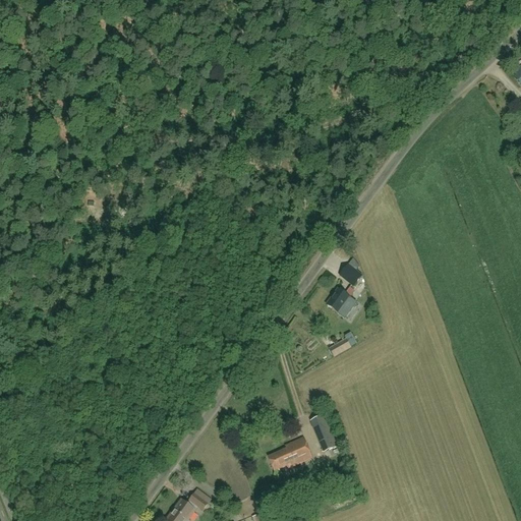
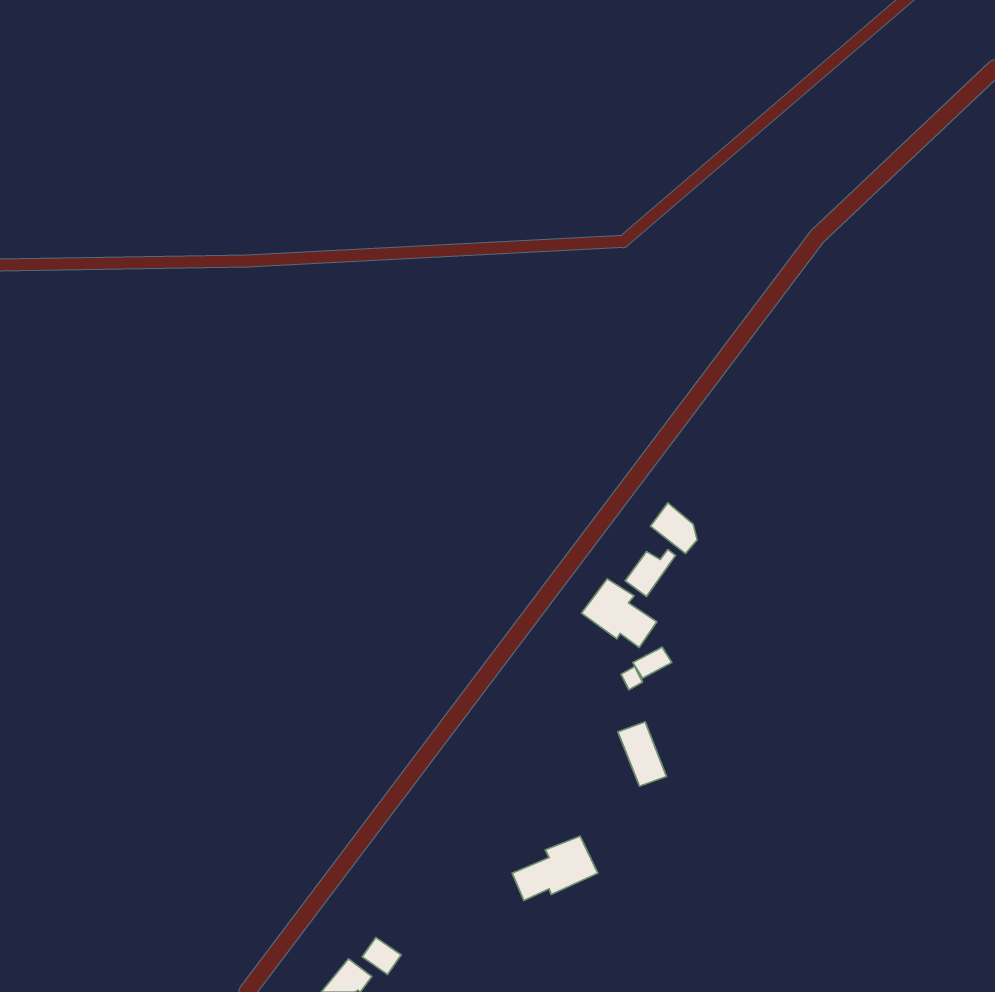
building: none -> [581,579,657,647]
building: [311,414,337,448] -> [618,722,667,786]

